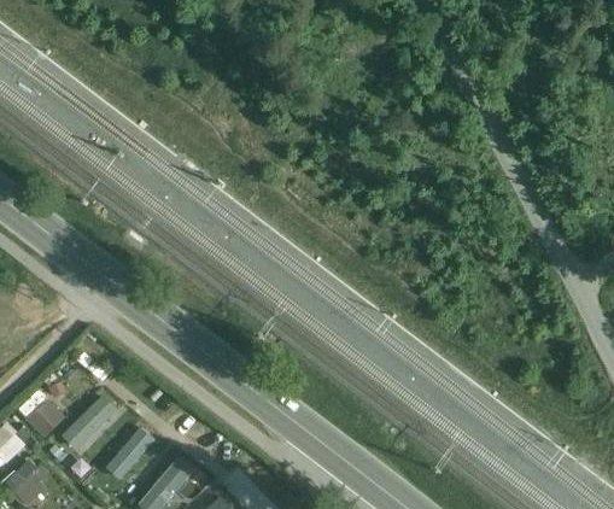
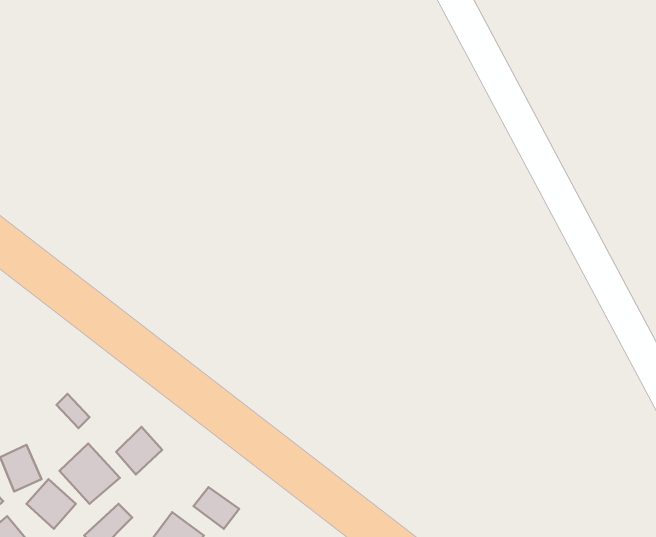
building: none -> [116,427,162,474]
building: none -> [193,487,239,529]

